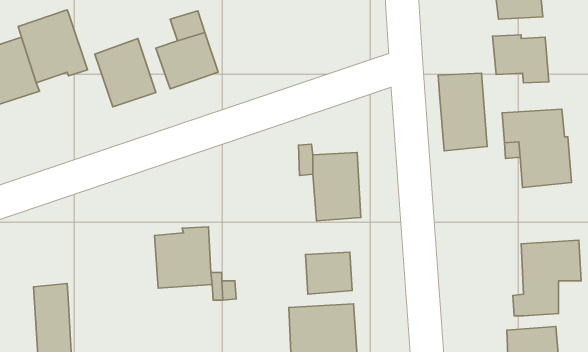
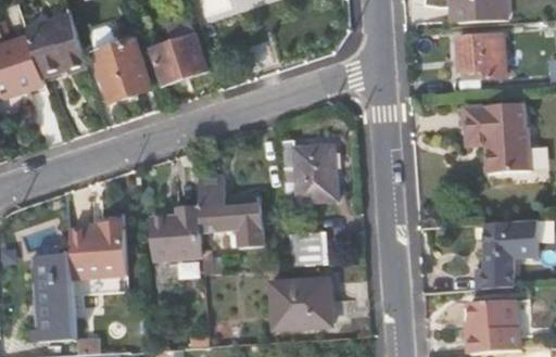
building: [438,73,487,151] -> none
building: none -> [197,174,265,247]
building: none -> [68,220,126,278]

